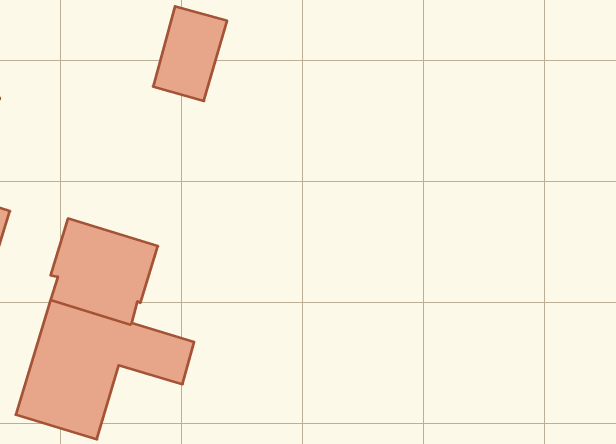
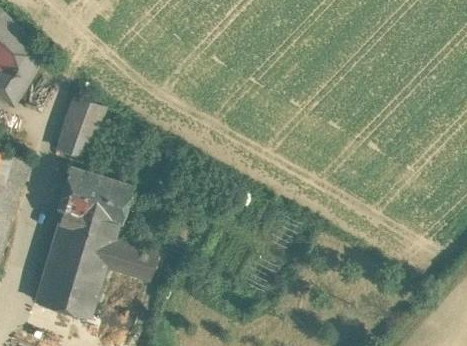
building: [153,6,227,101] -> [56,94,107,159]

